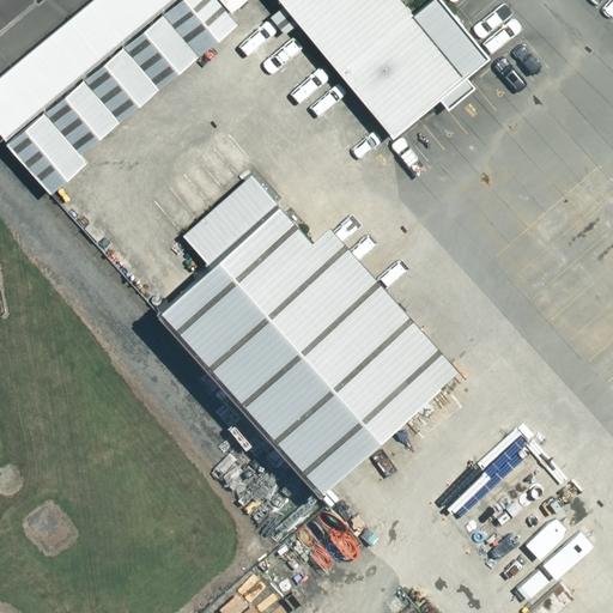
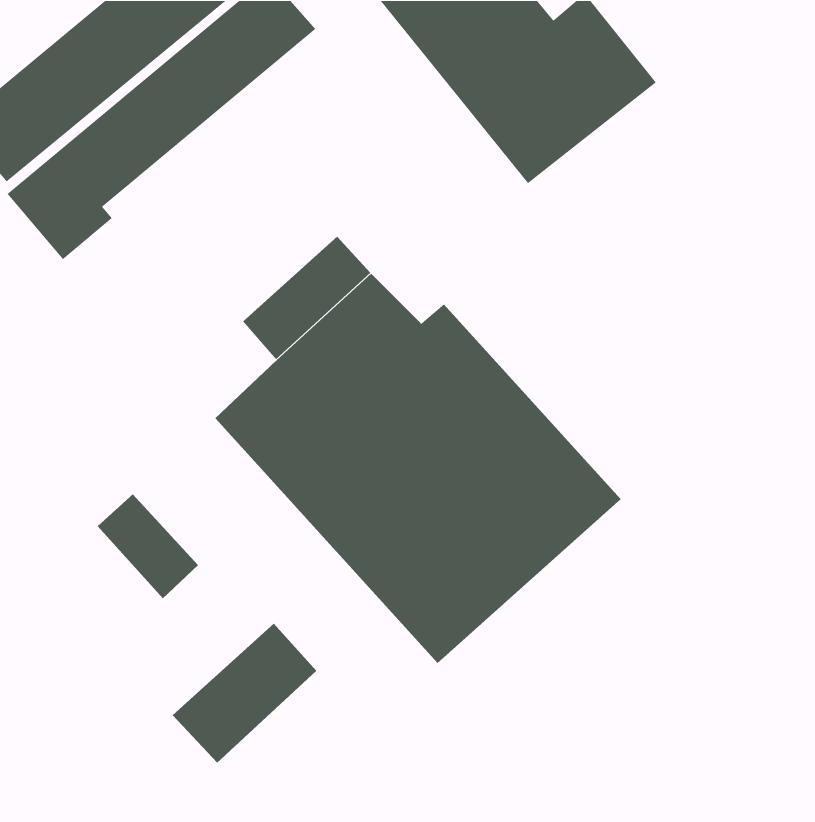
building: none -> [97,494,199,599]
building: none -> [172,623,317,763]

